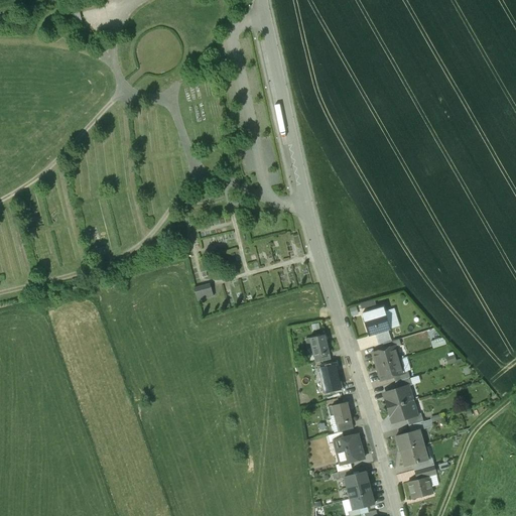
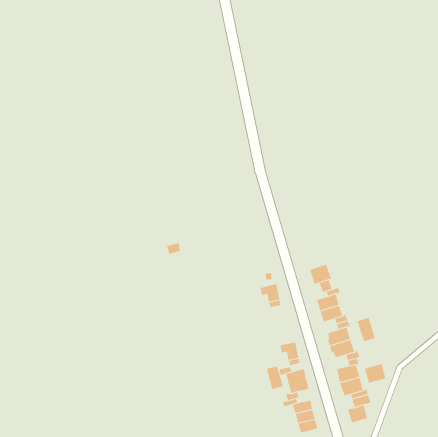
building: [316,364,341,392] -> none
building: none -> [357,317,375,342]
building: none -> [364,363,386,383]
building: none -> [266,366,283,390]

